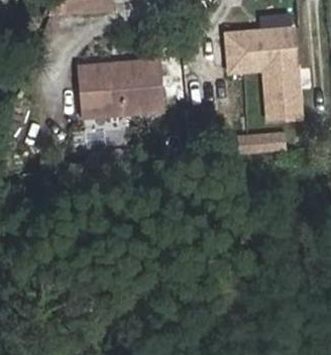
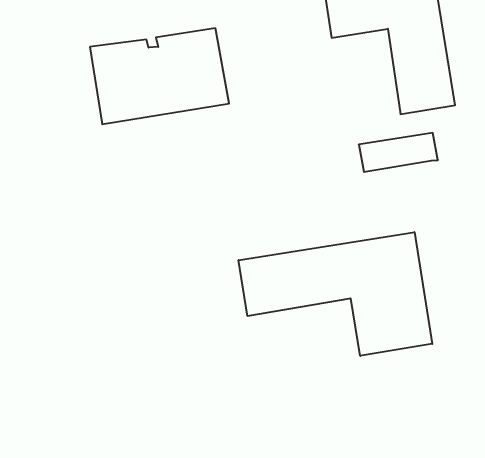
building: none -> [239,232,432,356]

